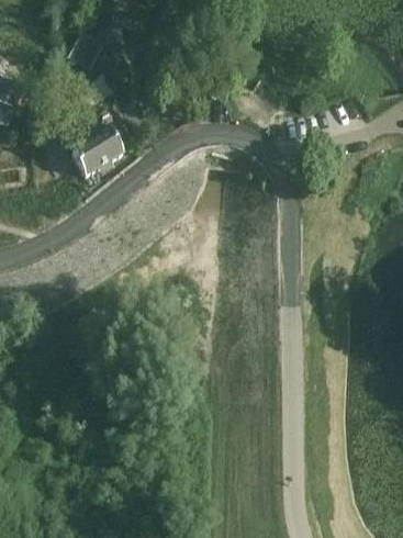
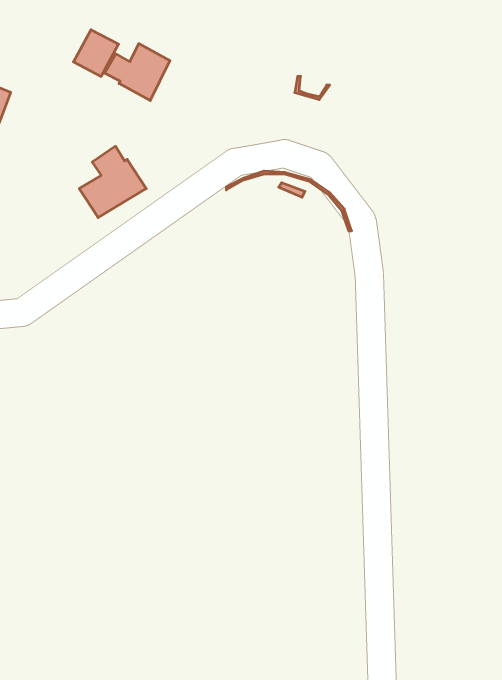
building: none -> [105,44,170,101]

